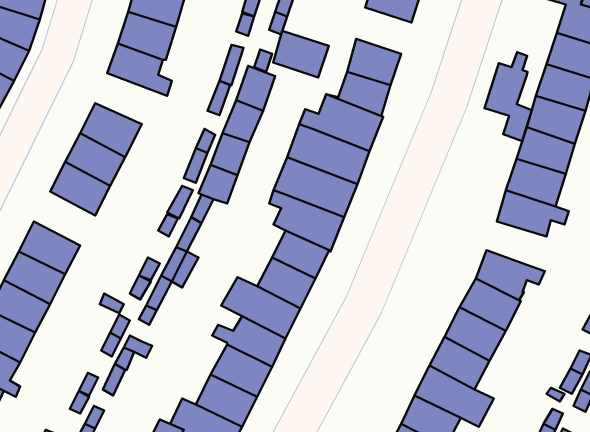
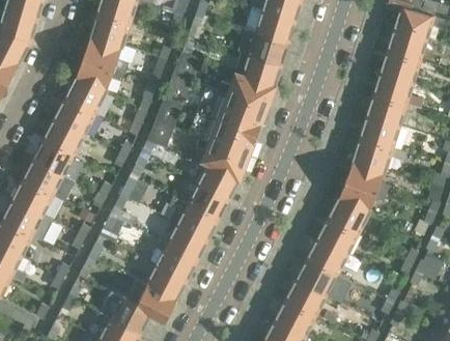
building: [273,31,329,77] -> [255,11,293,44]
building: [484,52,532,141] -> none
building: none -> [75,57,124,92]
building: none -> [32,139,75,176]
building: none -> [345,160,389,194]

